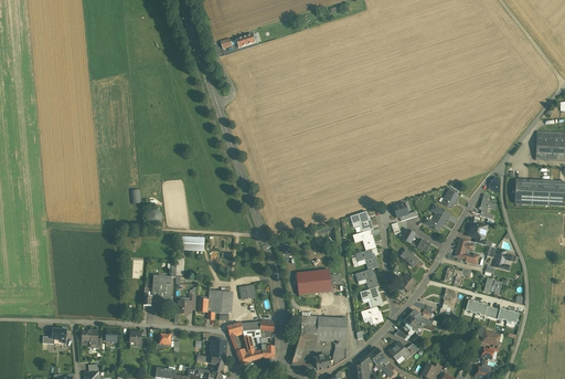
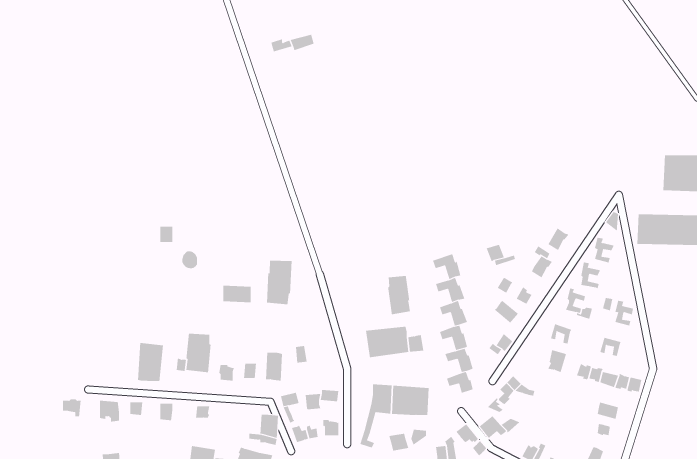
building: none -> [267,260,292,305]
building: none -> [388,275,411,315]
building: none -> [138,342,164,382]

